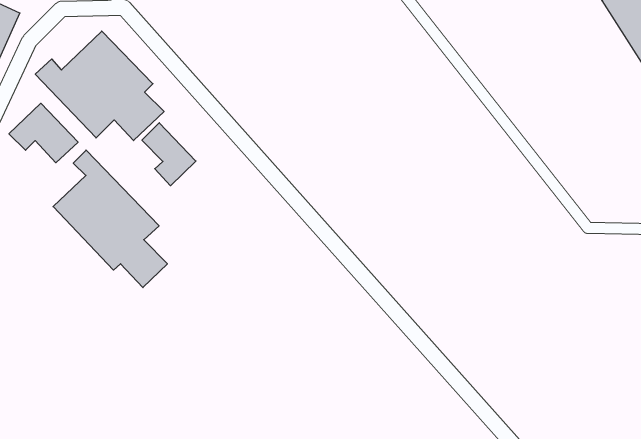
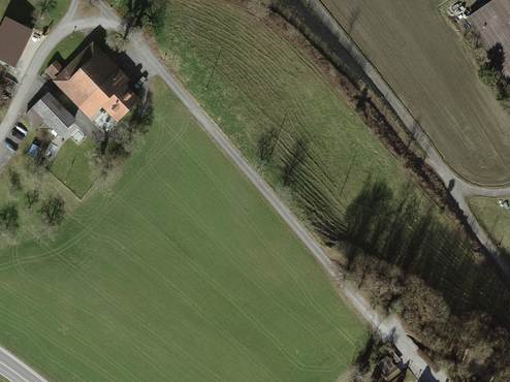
building: [142,123,196,186] -> none
building: [53,150,167,288] -> none

